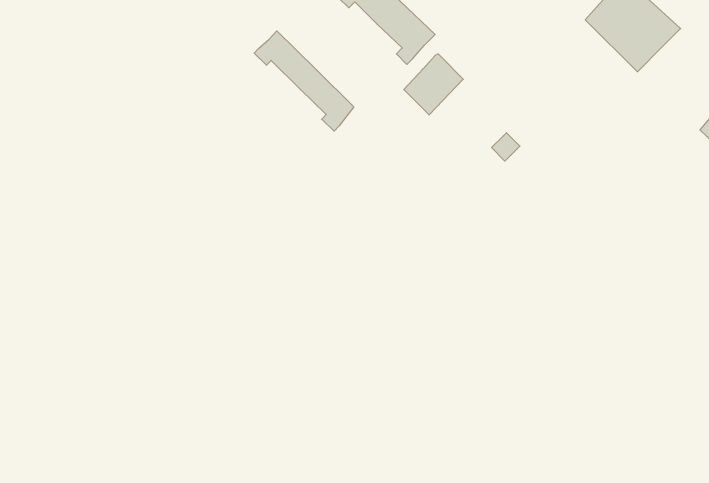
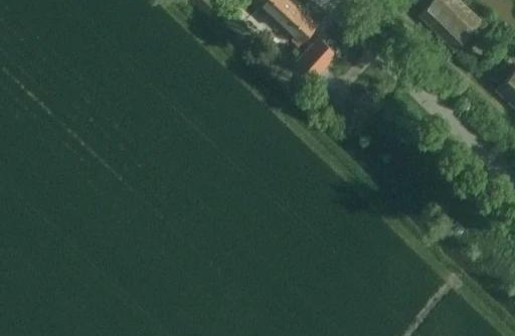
building: [254,31,354,131] -> none

